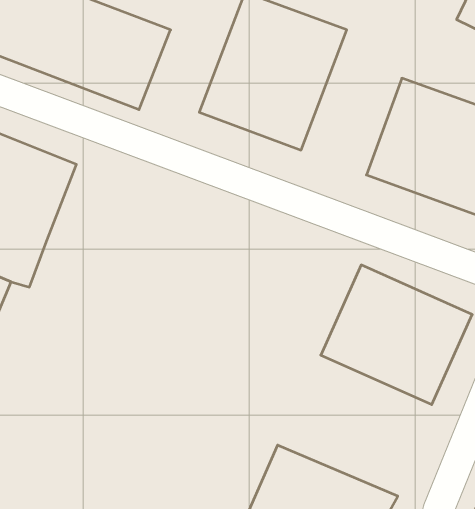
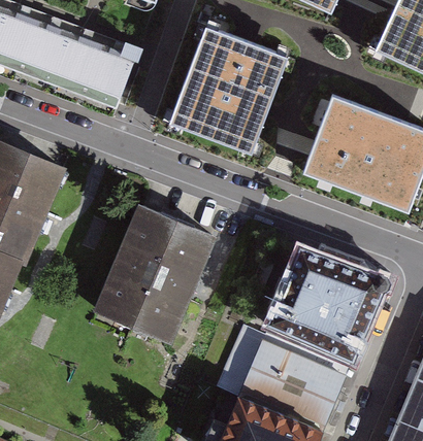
building: none -> [96,206,209,339]
building: none -> [218,317,354,427]

